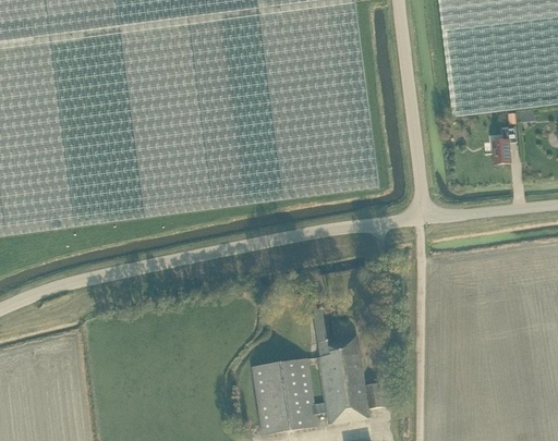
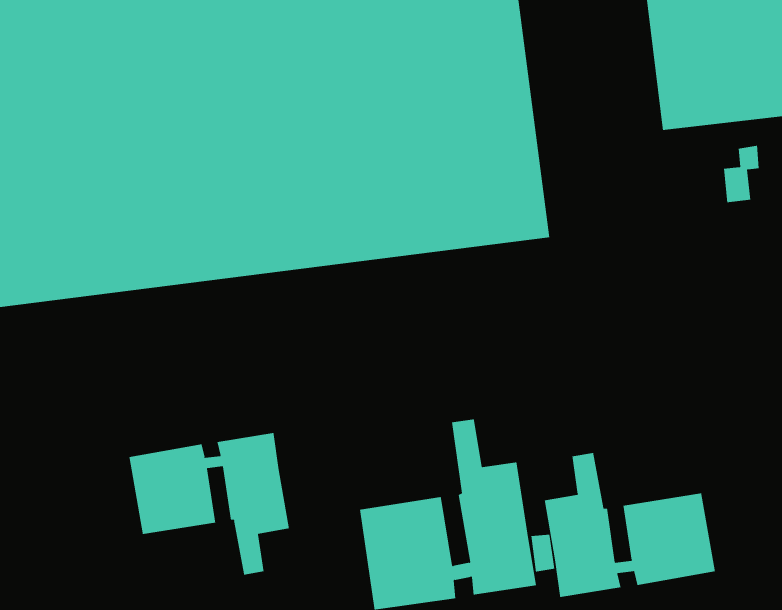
building: none -> [129,432,289,576]
building: none -> [544,452,716,598]

